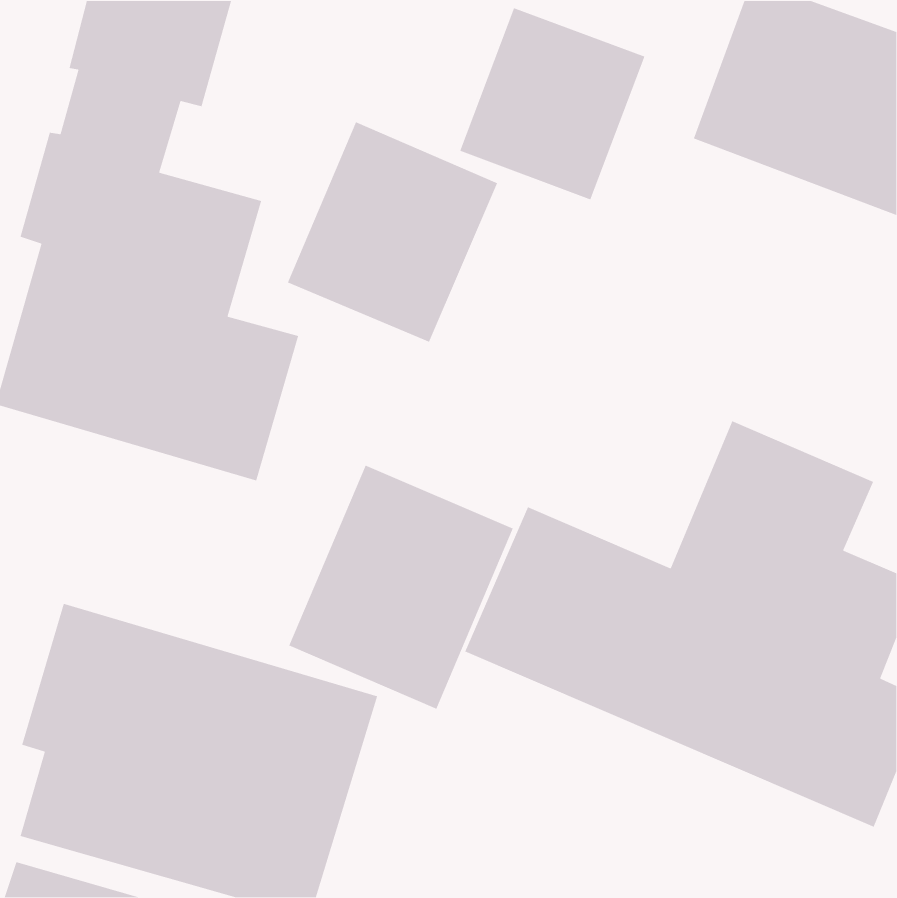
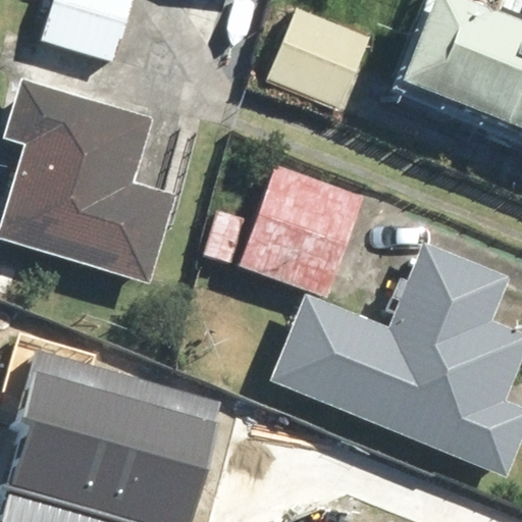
building: [287,121,498,343] -> [237,164,359,293]
building: [288,464,514,710] -> none

